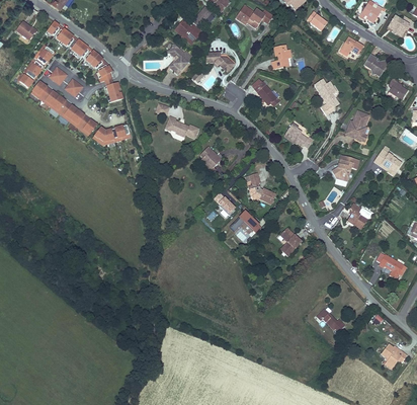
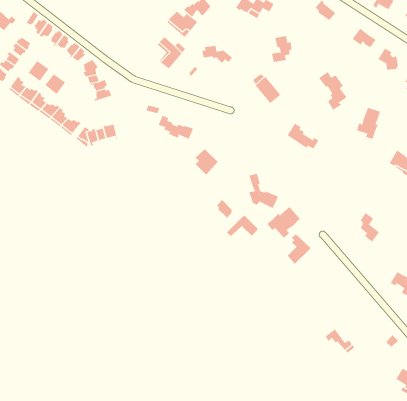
building: [331,153,358,179] -> none
building: none -> [266,206,301,238]

